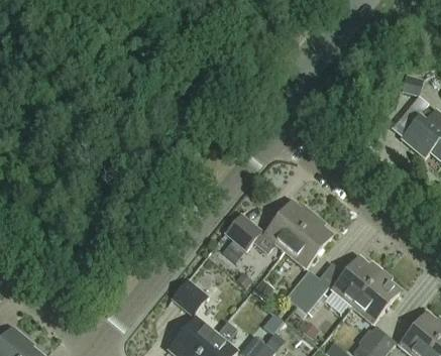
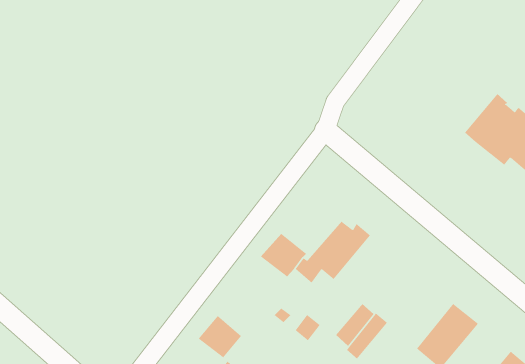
building: [284,215,331,268] -> none
building: [331,253,381,308] -> none

